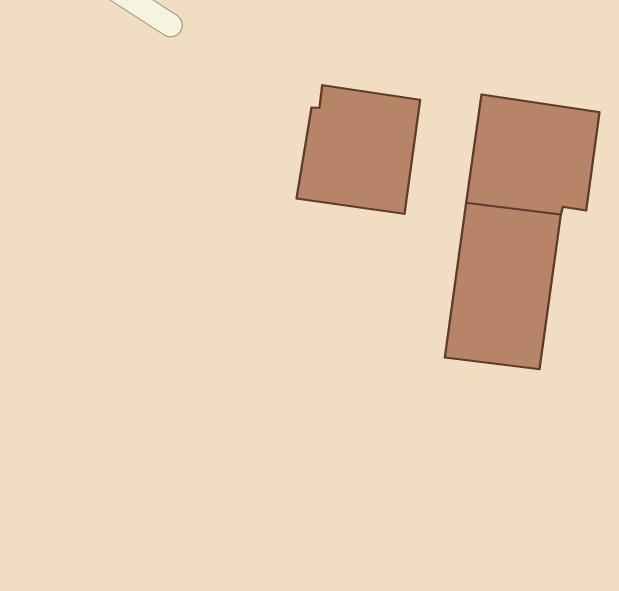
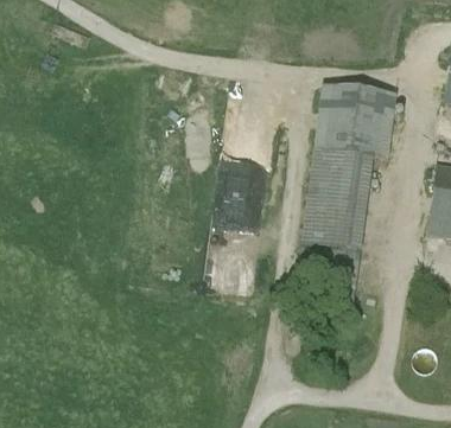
building: [297,85,420,214] -> none

